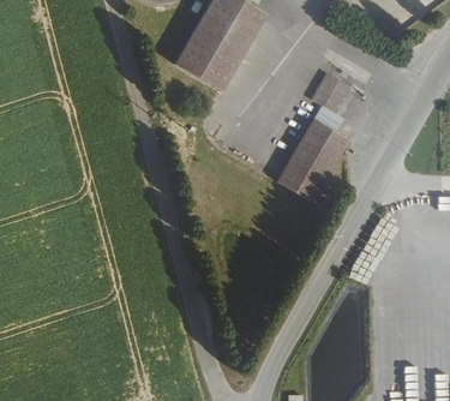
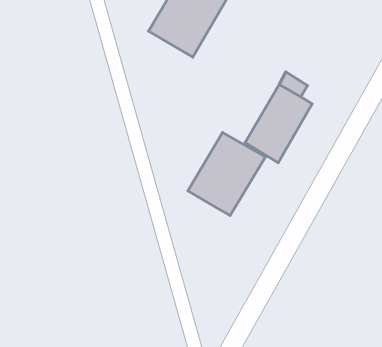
building: [312,73,350,115] -> none
building: none -> [188,132,266,216]

